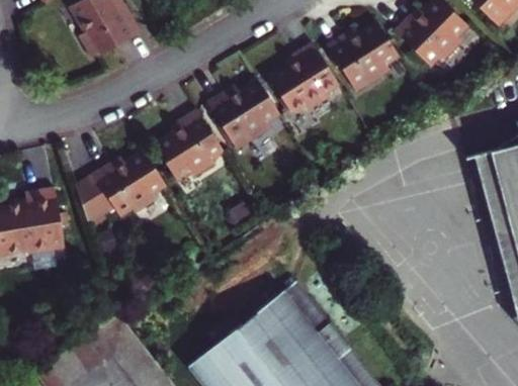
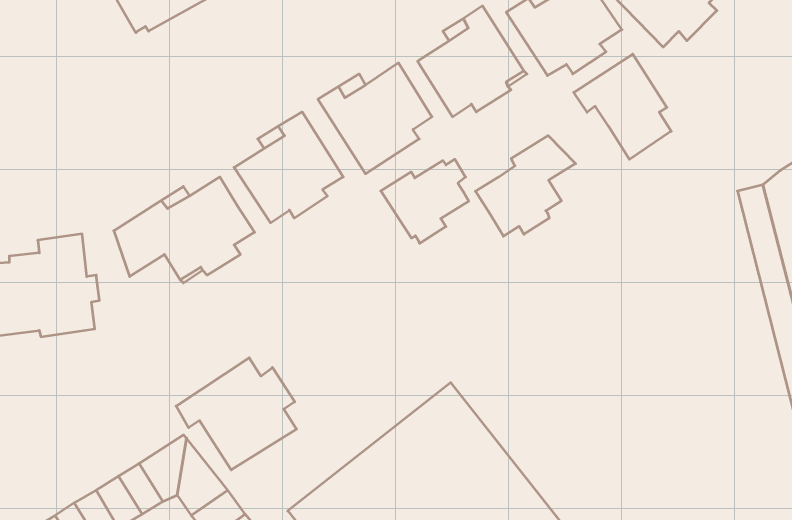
building: none -> [574,54,671,159]
building: none -> [475,136,576,236]
building: none -> [381,159,469,243]
building: none -> [176,358,297,470]

